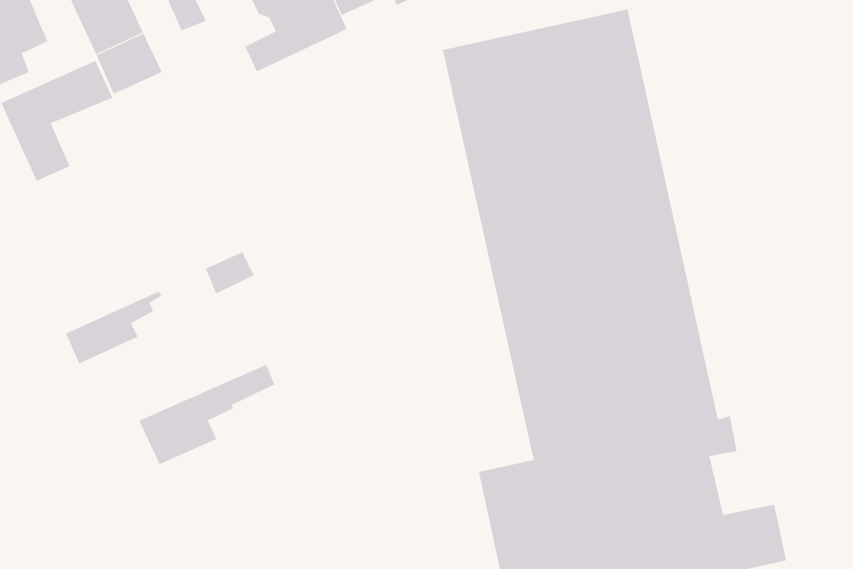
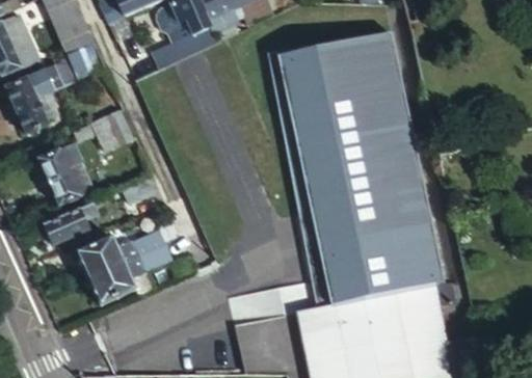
building: none -> [94,108,136,151]
building: none -> [37,142,87,206]
building: none -> [78,231,167,278]

